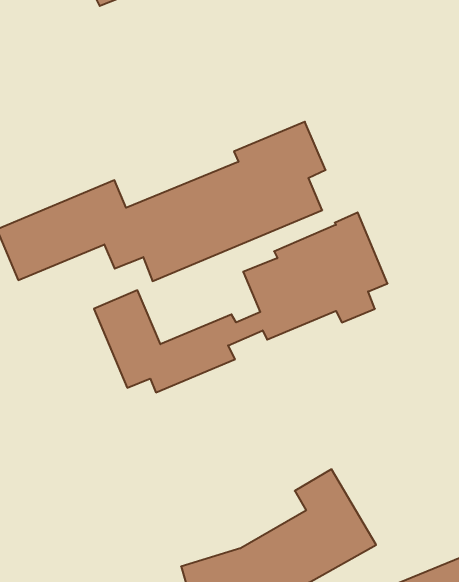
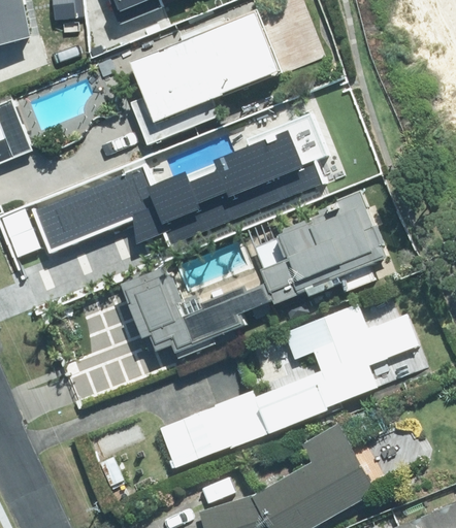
building: none -> [128,10,281,145]
building: none -> [157,303,417,467]

